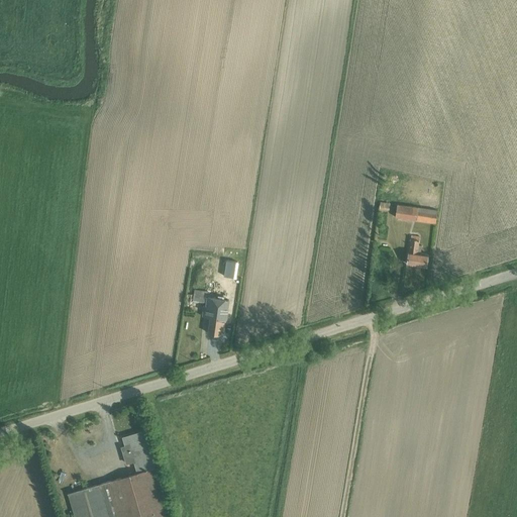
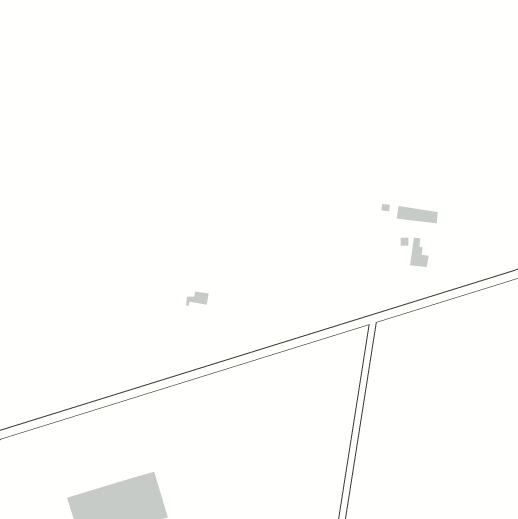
building: [207,305,225,335] -> none
building: [119,431,153,474] -> none

